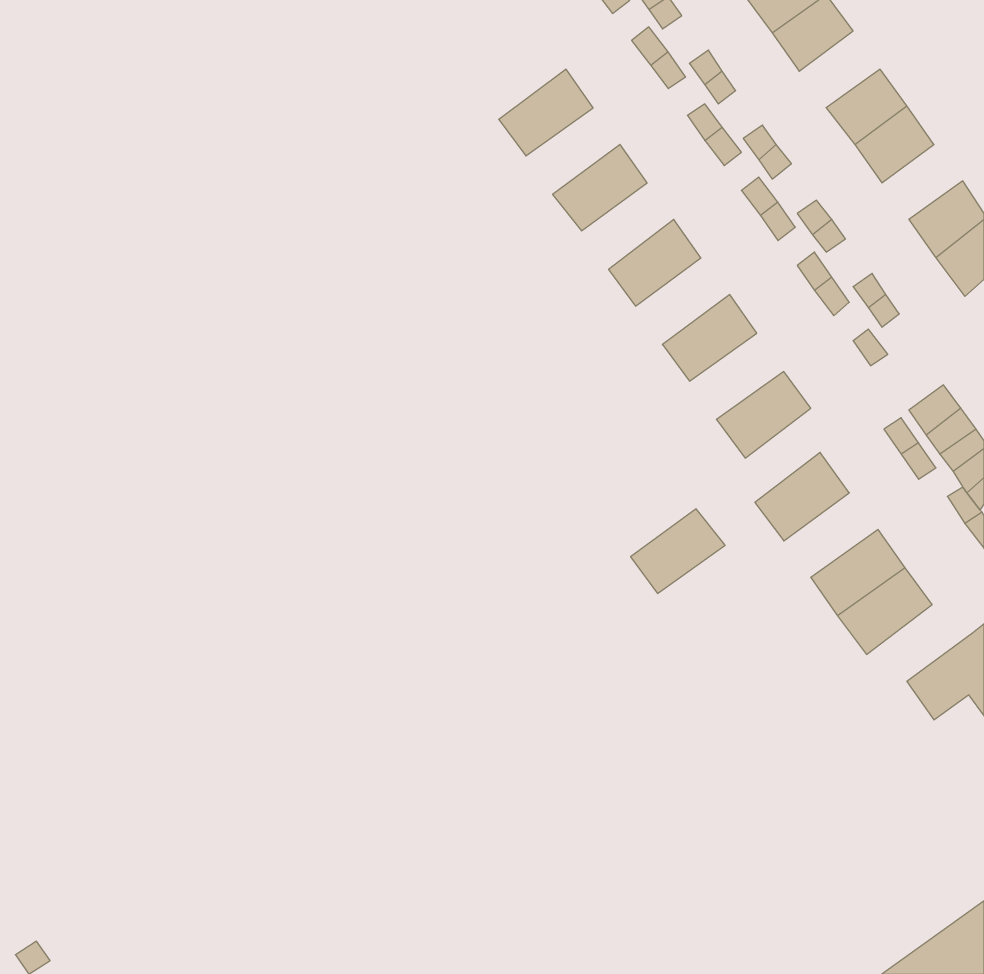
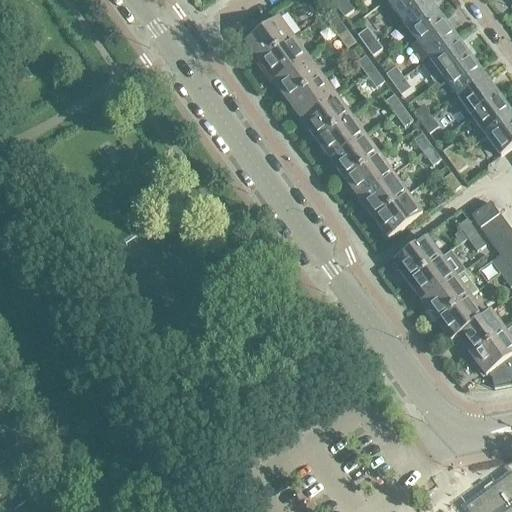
building: none -> [244,16,294,62]
building: none -> [415,16,457,56]
building: none -> [273,56,322,101]
building: none -> [458,75,500,114]
building: none -> [302,95,350,140]
building: none -> [330,134,379,179]
building: none -> [358,173,407,218]
building: [631,509,725,593] -> [407,256,456,300]
building: none -> [450,309,505,354]

